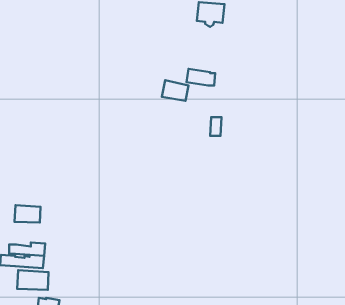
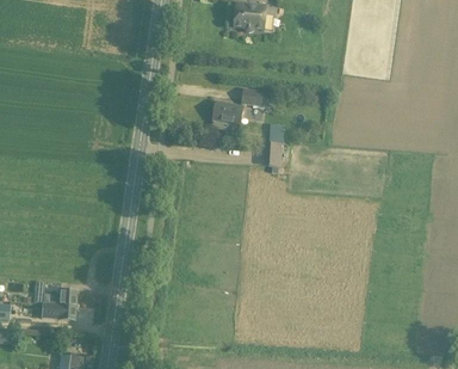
building: [15,205,40,223] -> none
building: [17,270,49,290] -> none

